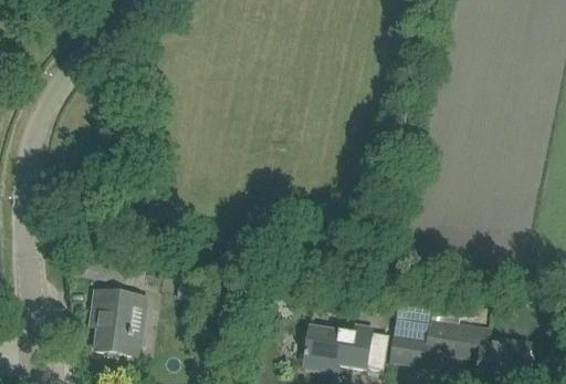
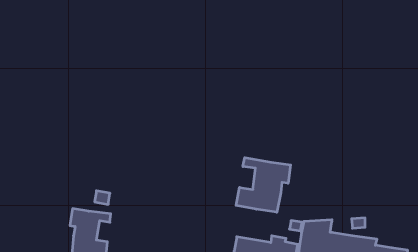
building: none -> [236,158,291,212]

